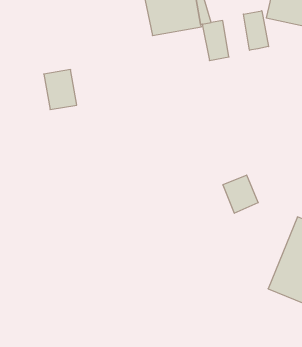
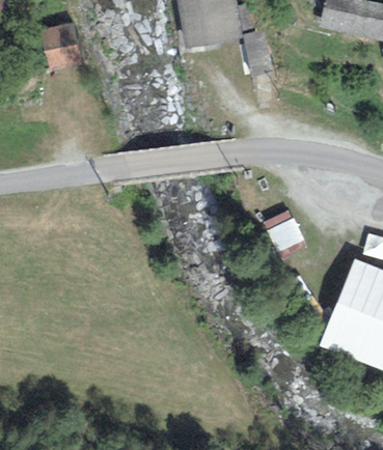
building: [243,11,269,50] -> none
building: [44,70,77,110] -> [43,23,81,69]

